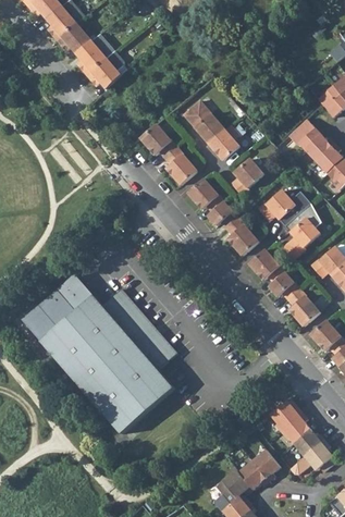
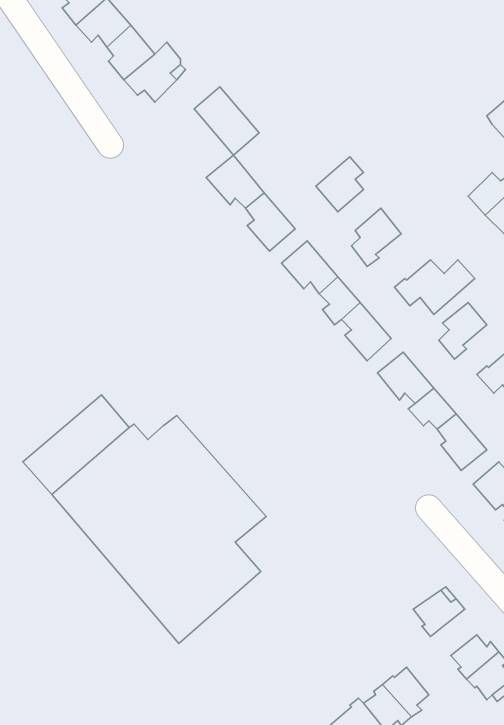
building: [183,100,224,144] -> [194,87,259,155]
building: [287,119,320,150] -> none
building: [281,413,310,442] -> none

